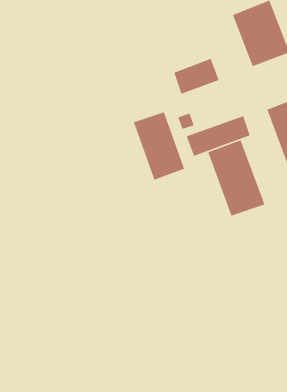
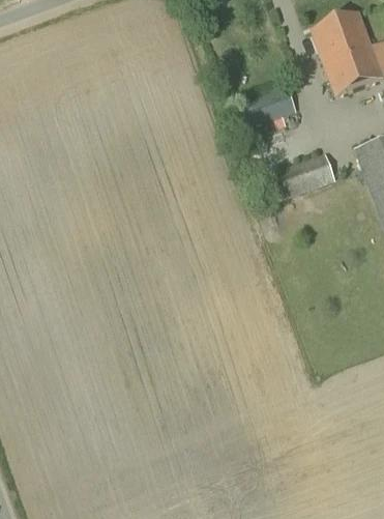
building: [133,111,185,180] -> none
building: [208,140,265,216] -> none

